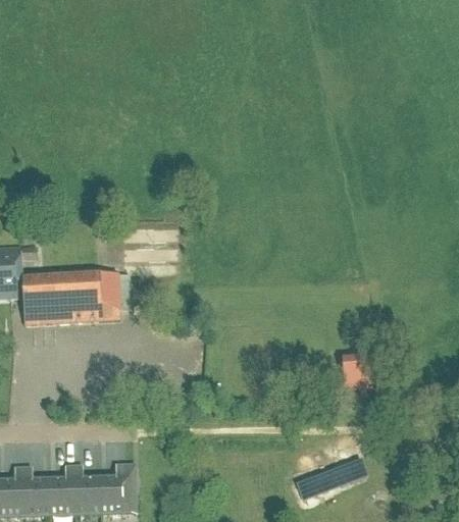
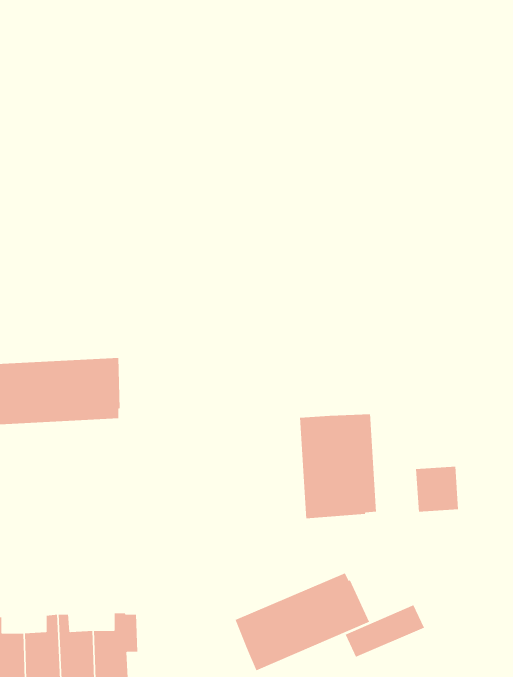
building: none -> [300,413,376,519]
building: none -> [235,572,370,671]

